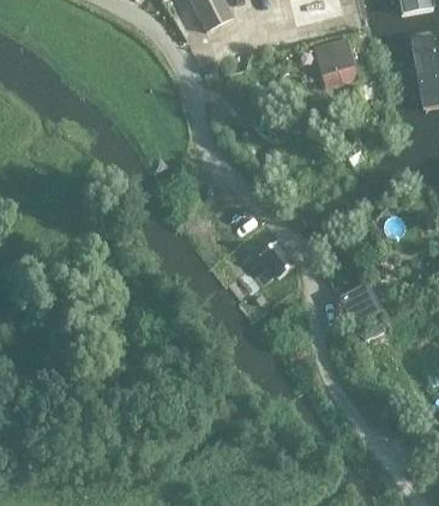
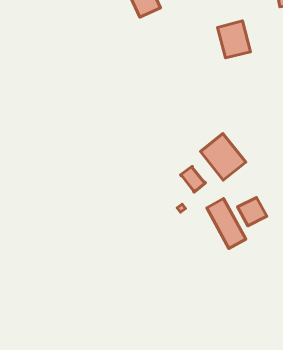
building: none -> [200,133,246,180]
building: none -> [207,199,246,249]

